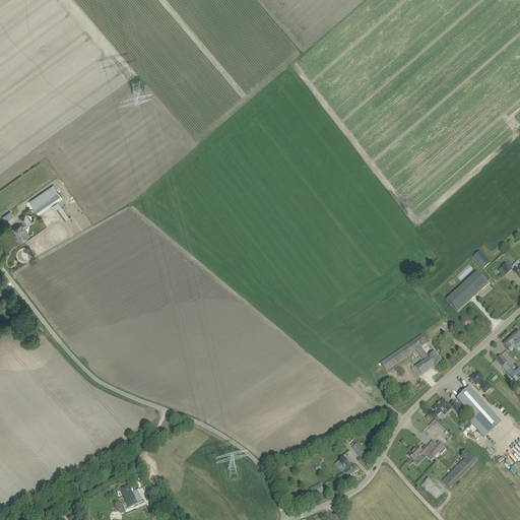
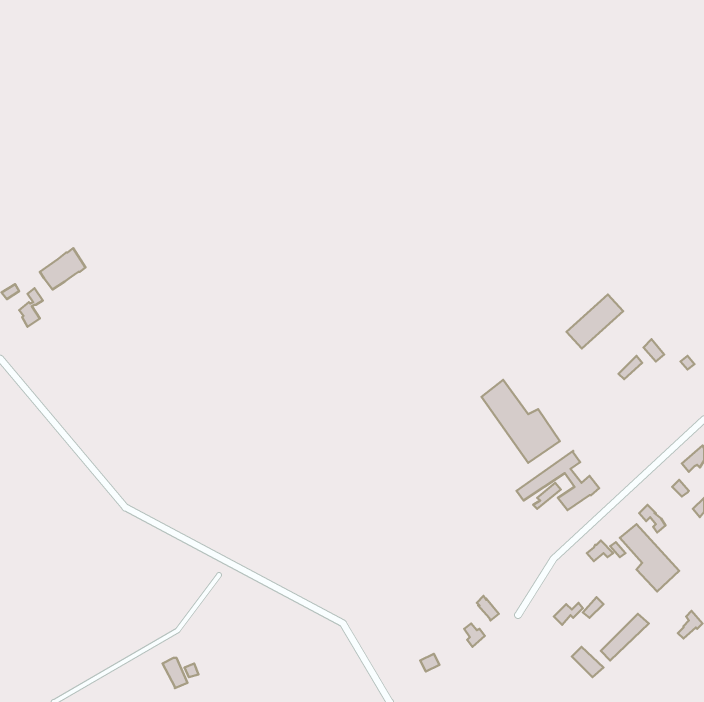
building: [447,270,489,310] -> [567,295,623,348]
building: none -> [482,380,560,463]

